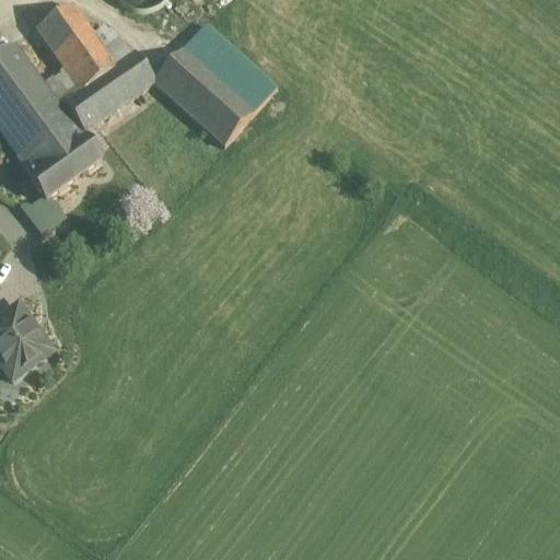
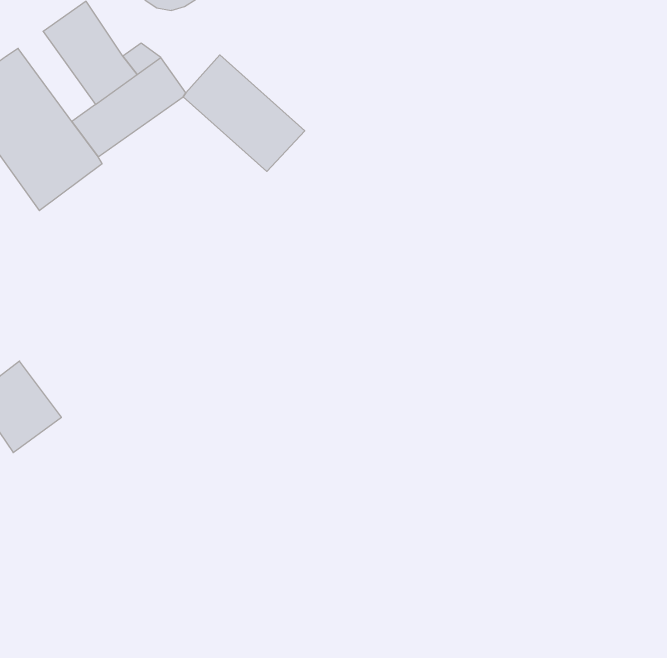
building: [184,21,277,109] -> none
building: [30,137,101,198] -> none

